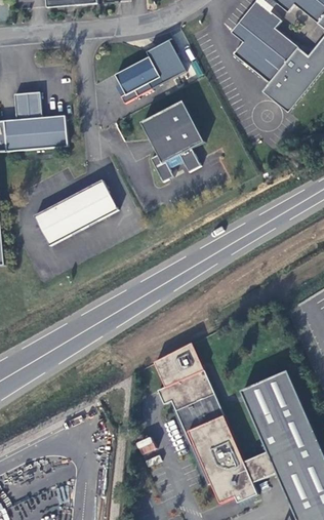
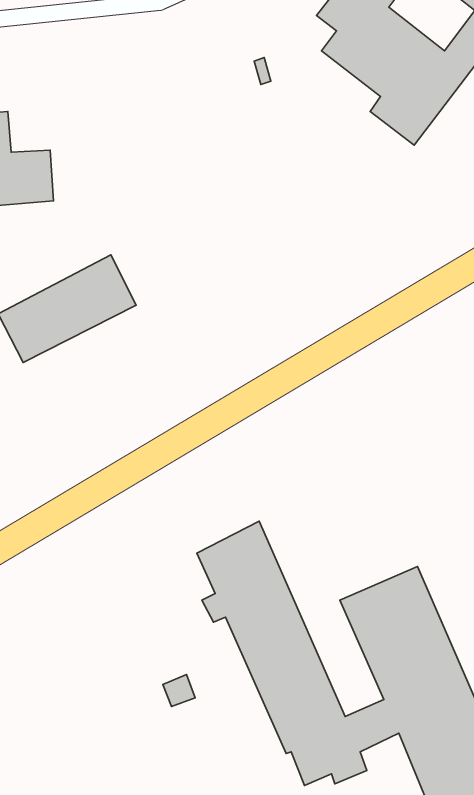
building: [114,40,186,104] -> none
building: [140,101,204,182] -> none

